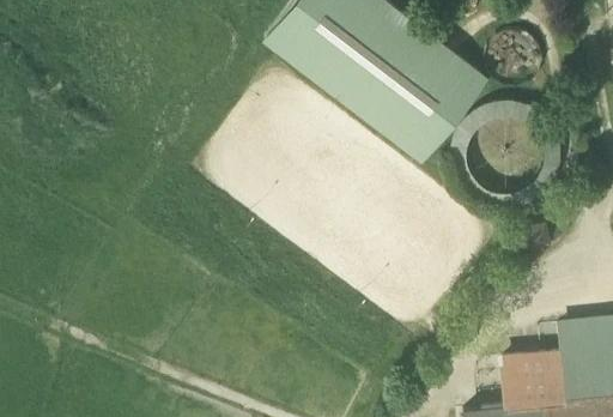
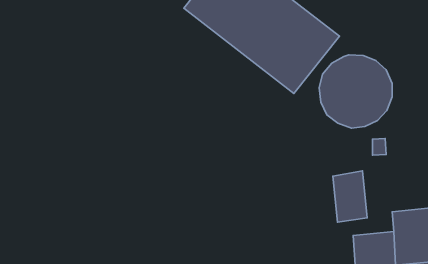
building: none -> [333,171,367,222]

